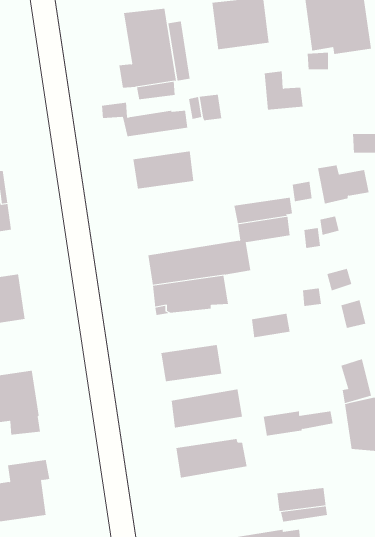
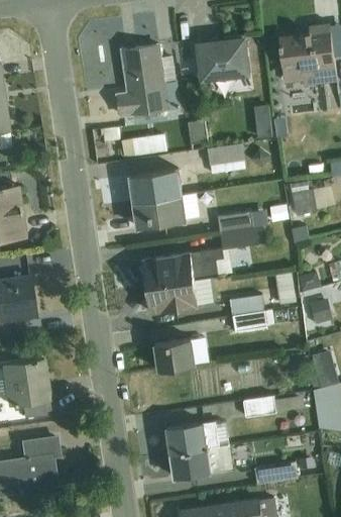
building: none -> [208,142,246,174]
building: none -> [134,195,188,227]
building: none -> [230,294,264,315]
building: [171,389,243,428] -> [172,443,234,478]

